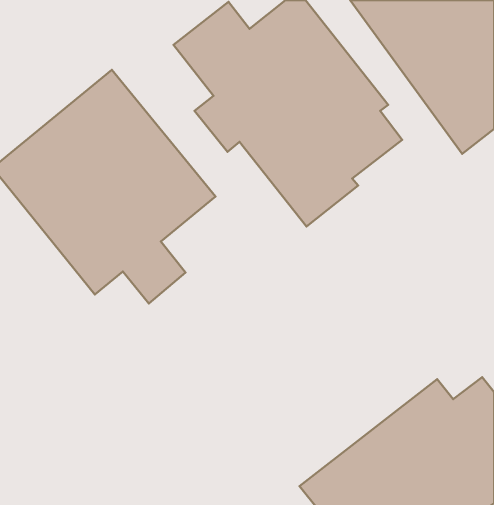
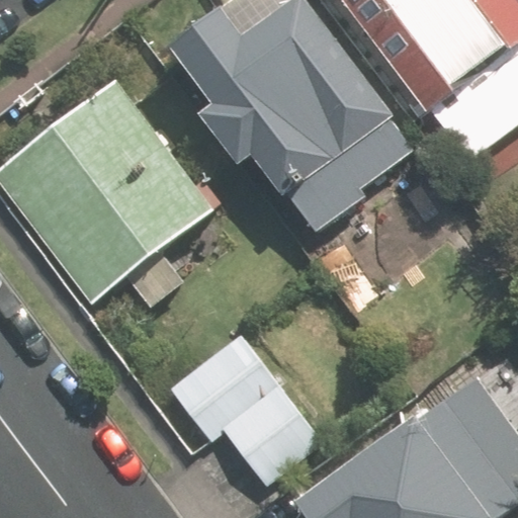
building: none -> [163,330,324,479]

